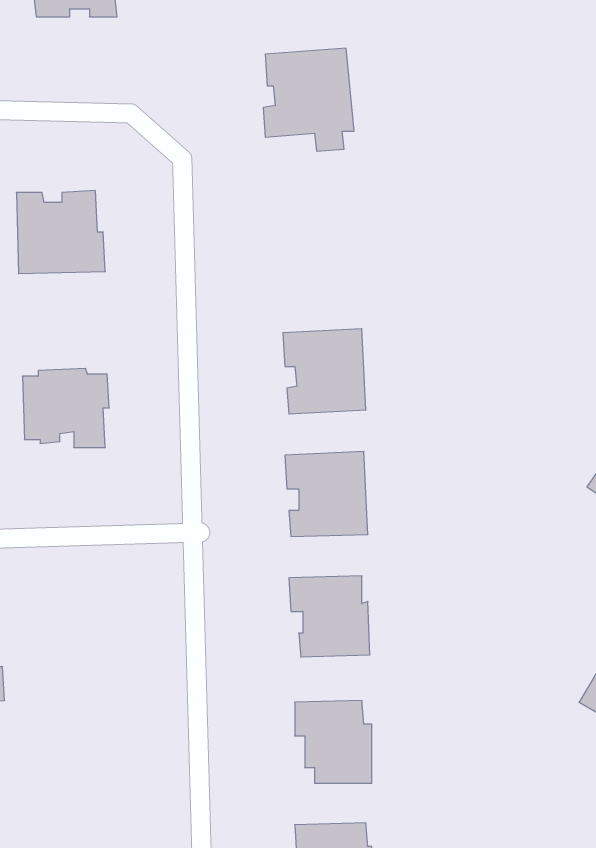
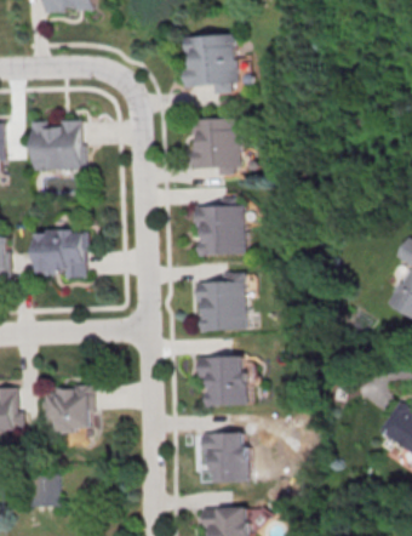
building: none -> [193,119,241,169]
building: none -> [45,386,93,433]
building: none -> [27,475,58,507]

